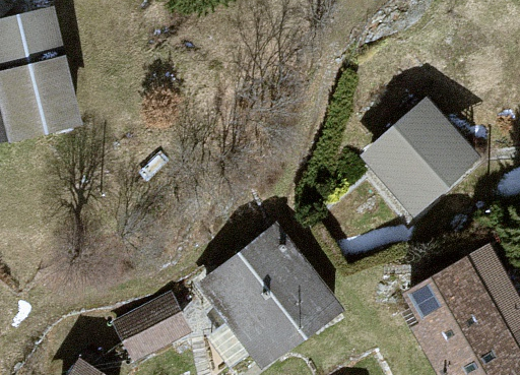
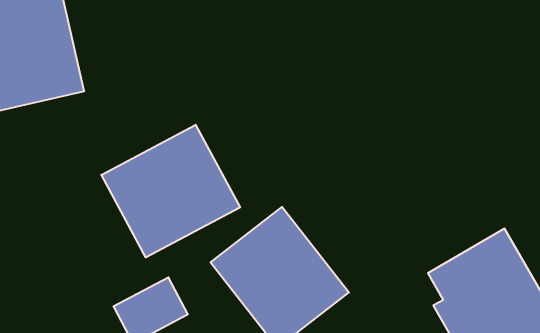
building: [364,103,472,210] -> none
building: none -> [101,125,240,257]

